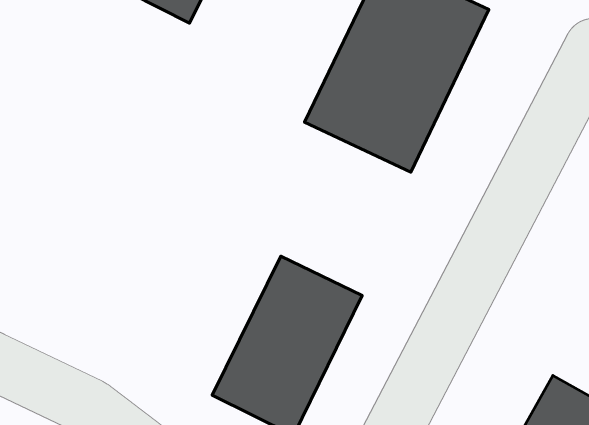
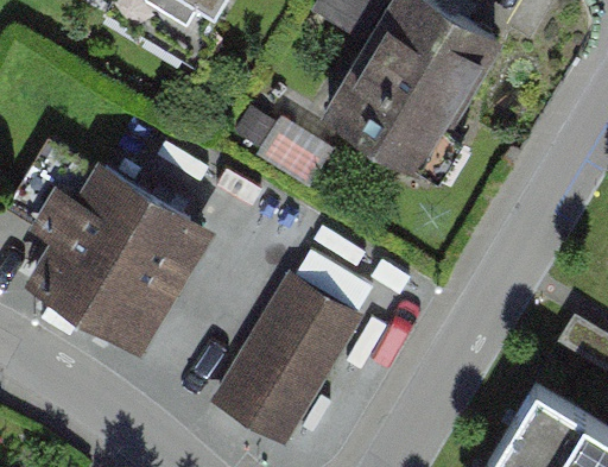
building: none -> [25,165,207,352]

